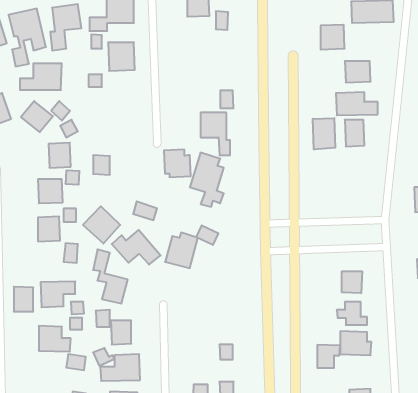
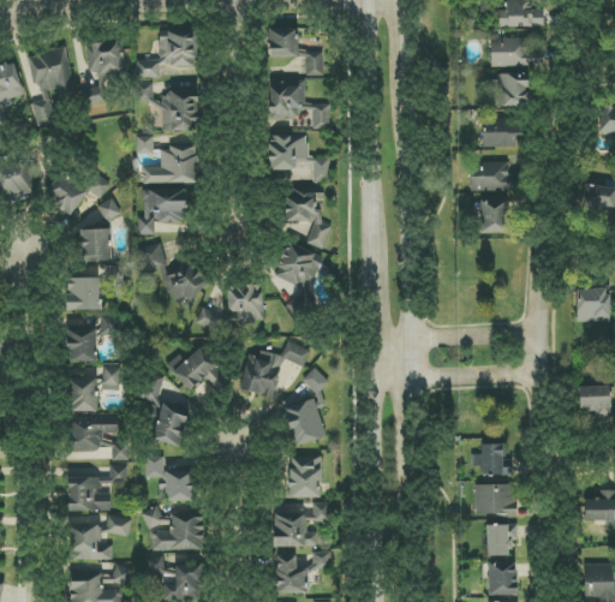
building: [321,25,345,50] -> [497,72,530,106]
building: none -> [269,82,329,127]
building: [20,63,62,90] -> [142,147,198,183]
building: none -> [268,133,308,180]
building: none -> [137,189,185,234]
building: [313,118,335,150] -> none
building: [164,150,191,177] -> [227,284,263,321]
building: [83,206,120,244] -> [157,256,208,306]
building: none -> [282,370,326,446]
building: [342,271,362,293] -> none
building: [14,287,33,312] -> [71,377,97,411]
building: none -> [287,457,321,497]
building: [317,345,340,368] -> [486,524,518,555]
building: none -> [273,512,316,547]
building: none -> [68,524,112,559]

